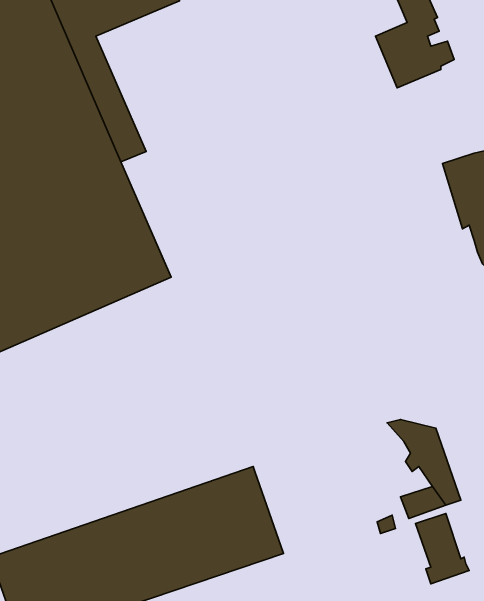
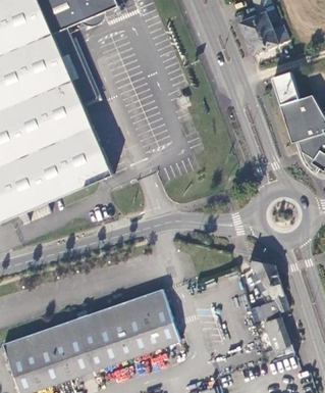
building: none -> [271,70,299,103]

